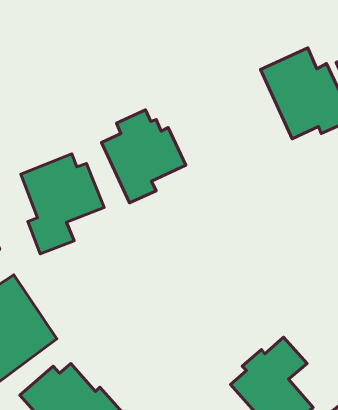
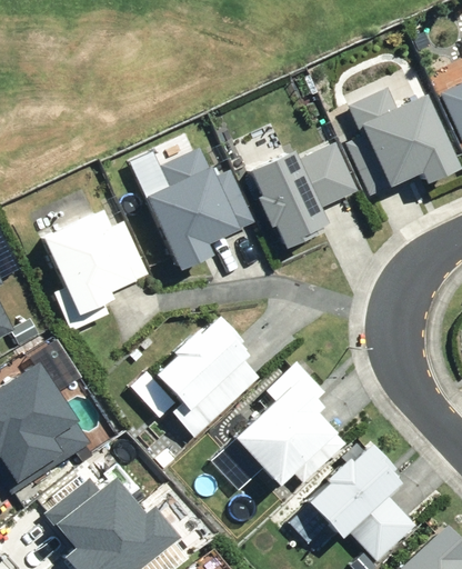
building: none -> [249,144,360,247]
building: none -> [158,327,259,439]
building: none -> [234,360,343,487]

